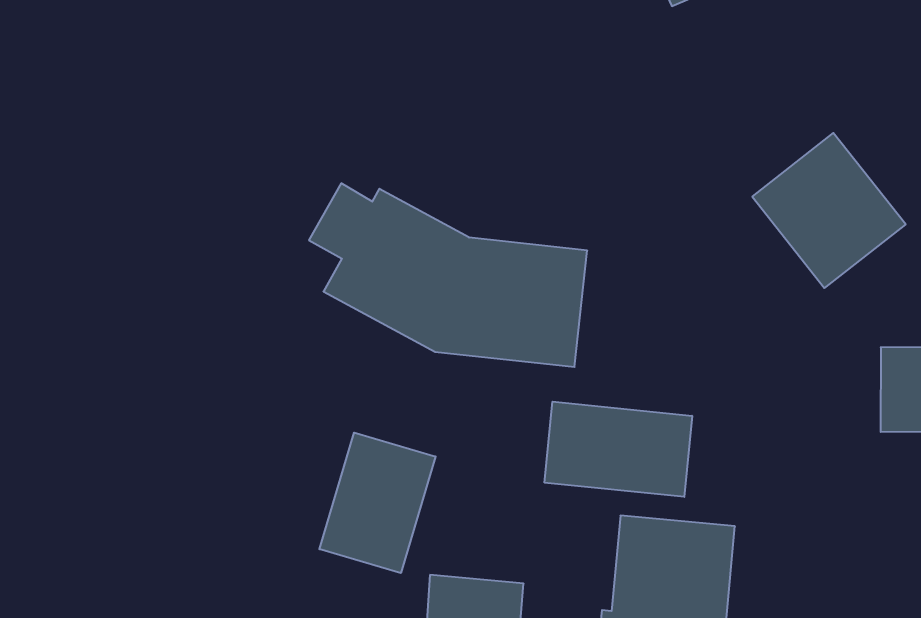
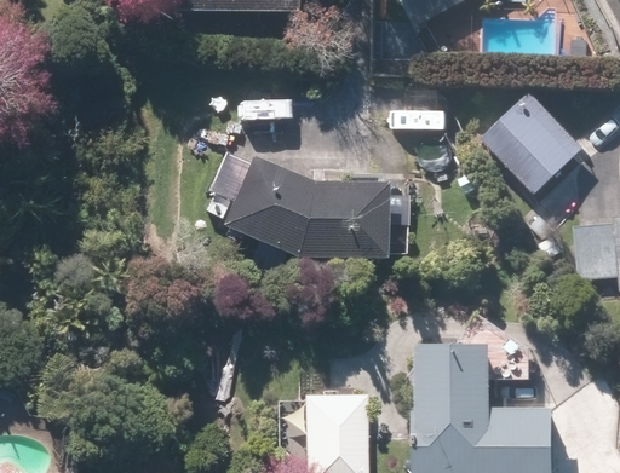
building: [545,402,692,497] -> none
building: [319,433,436,573] -> none

